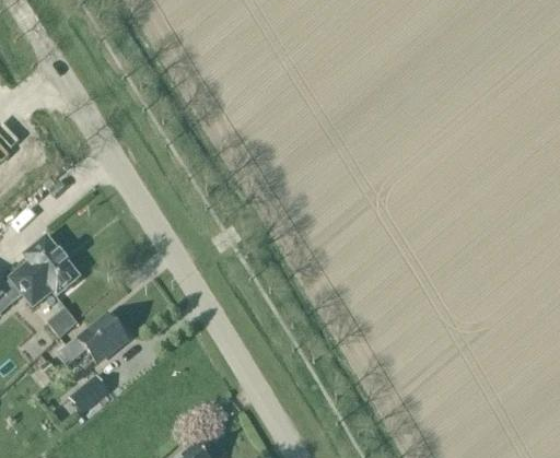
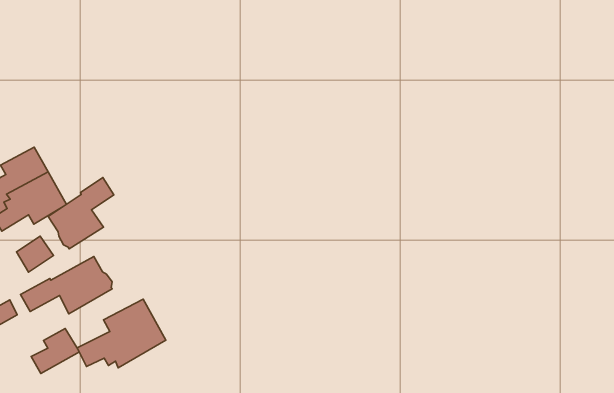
building: none -> [48,178,114,249]
building: none -> [77,299,166,368]

